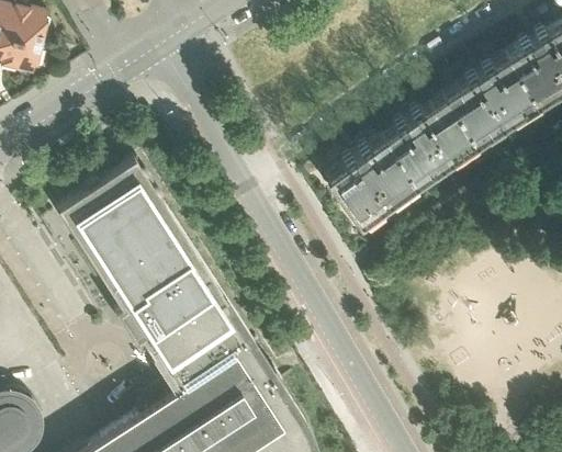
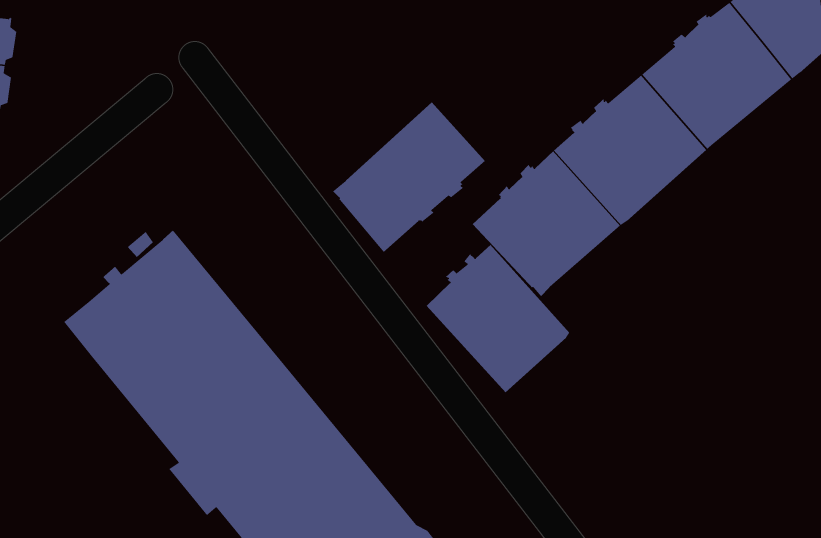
building: none -> [332,101,486,253]
building: none -> [426,244,570,393]

